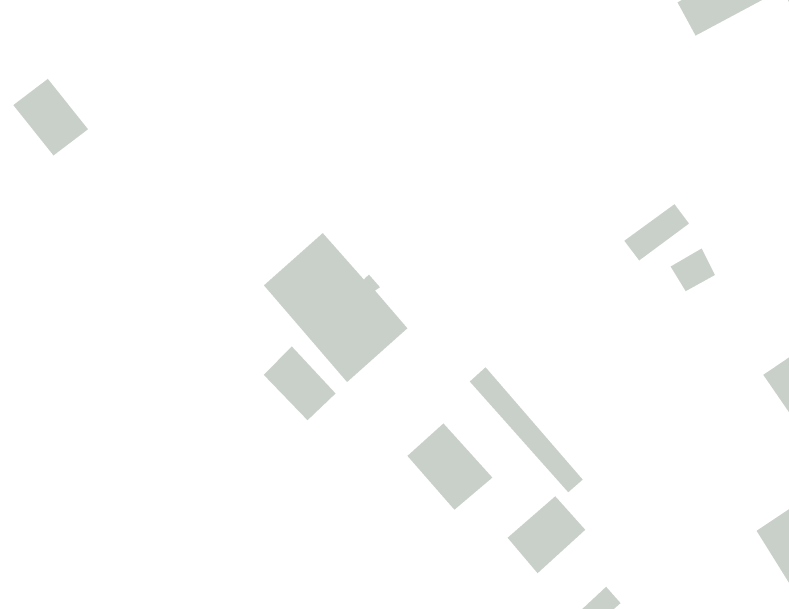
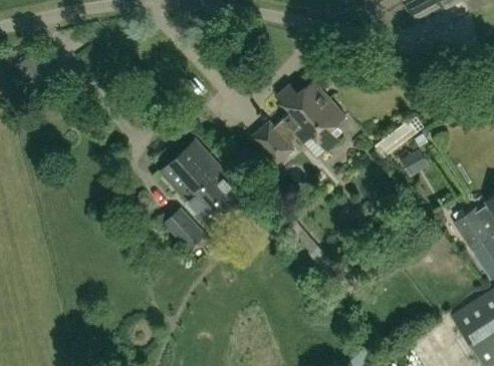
building: none -> [249,79,345,166]
building: [406,423,494,511] -> none
building: [506,495,586,574] -> none

